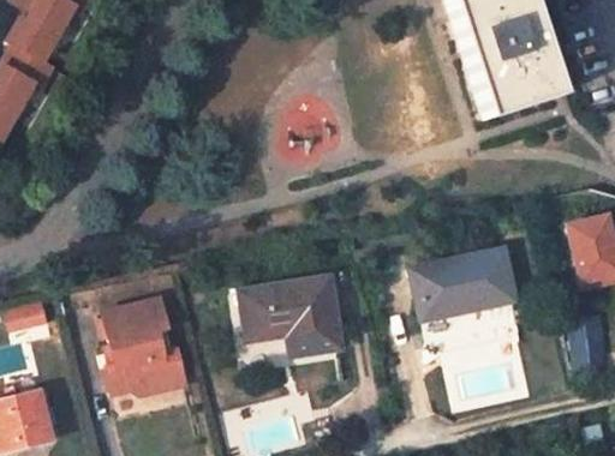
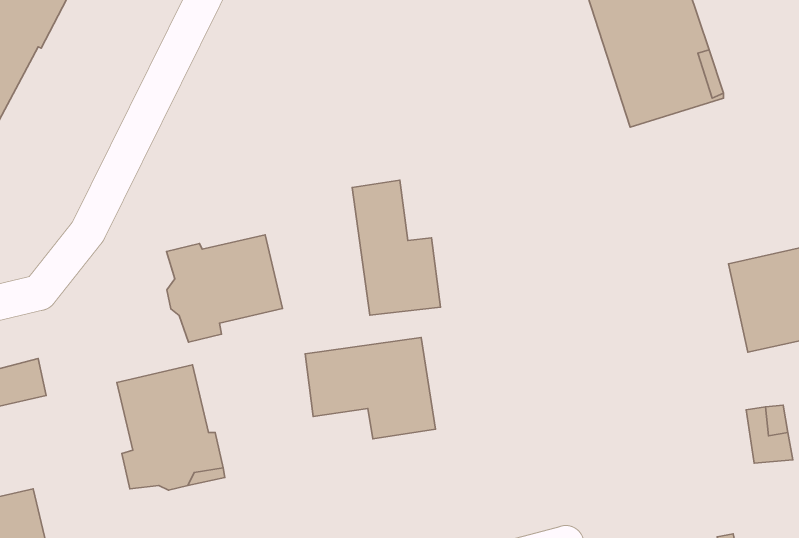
building: none -> [352,180,440,315]
building: none -> [167,235,282,342]
building: [413,253,514,318] -> none

